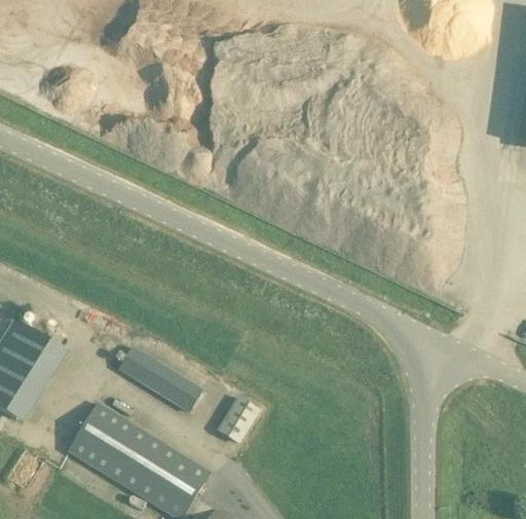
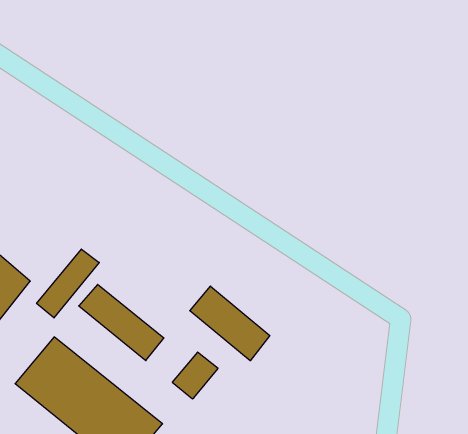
building: none -> [37,249,99,318]
building: none -> [190,286,270,361]

